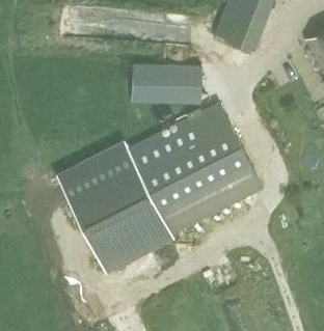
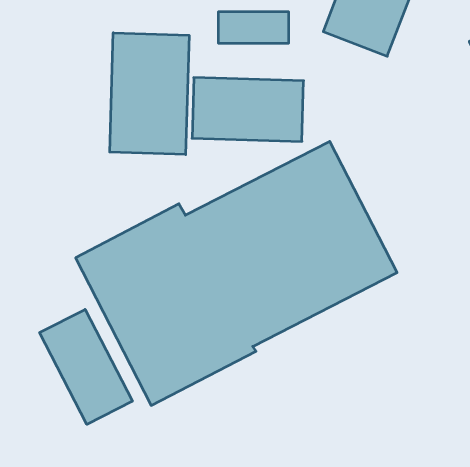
building: none -> [110,33,189,155]
building: none -> [40,309,132,424]

